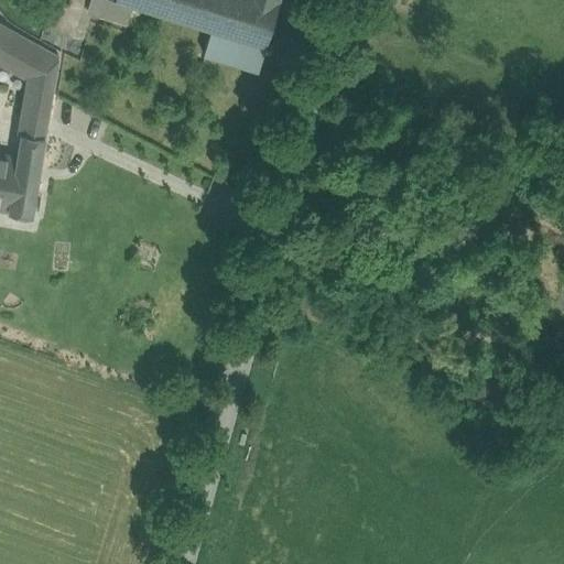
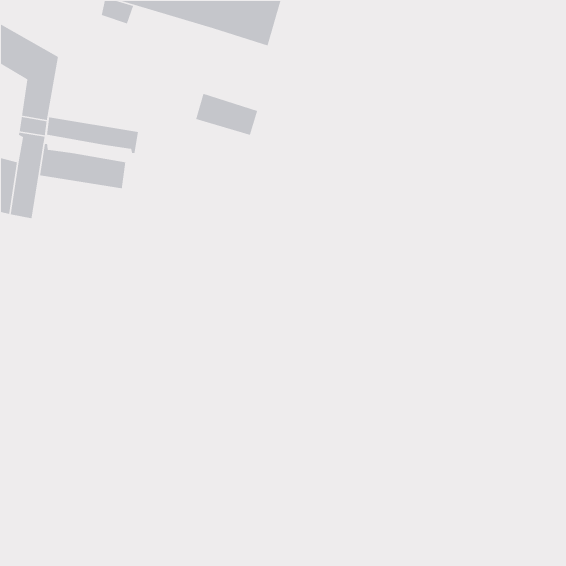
building: [204,29,267,72] -> [195,93,258,136]
building: none -> [46,116,139,154]
building: none -> [39,143,126,189]

